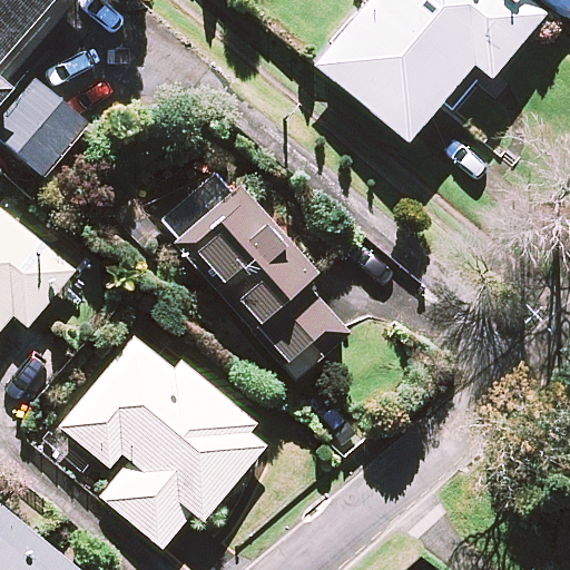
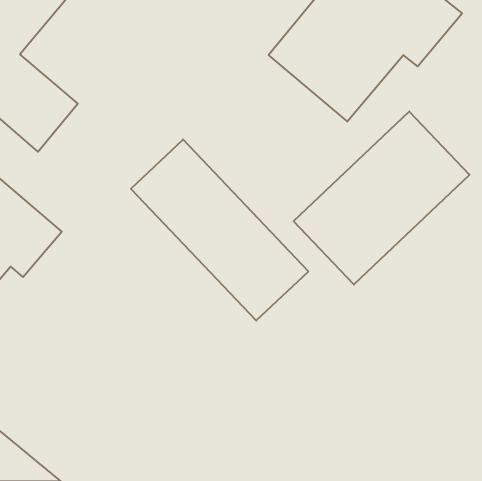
building: none -> [294,111,470,285]
building: [59,336,268,547] -> none

